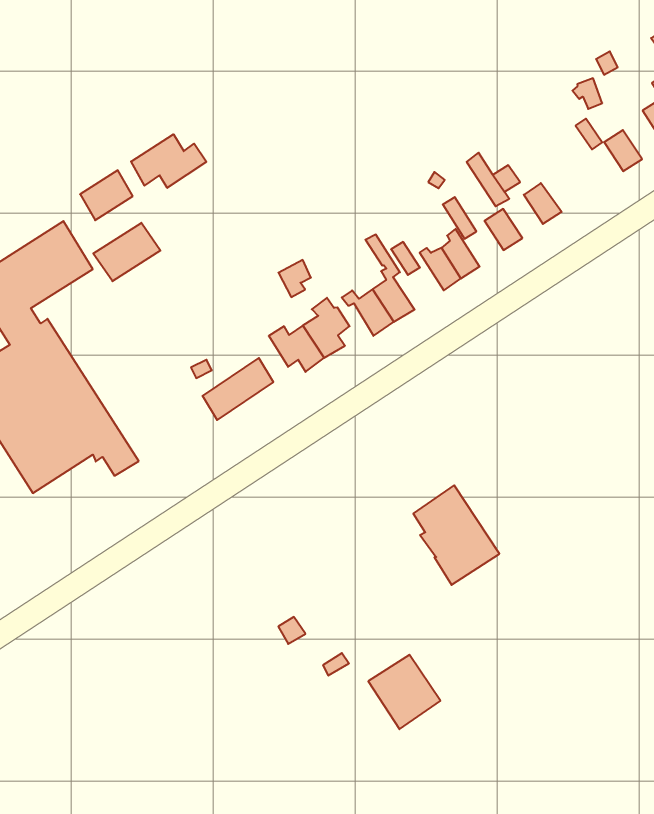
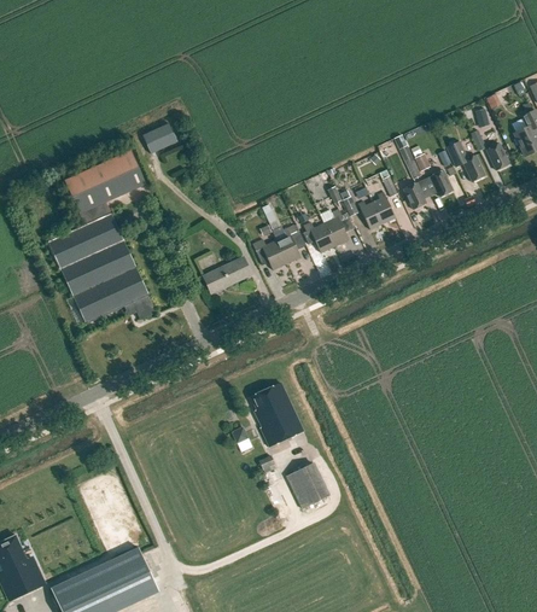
building: [131,134,206,188] -> none
building: none -> [446,140,485,181]
building: [93,223,160,281] -> none
building: [413,485,499,585] -> [251,381,303,445]

